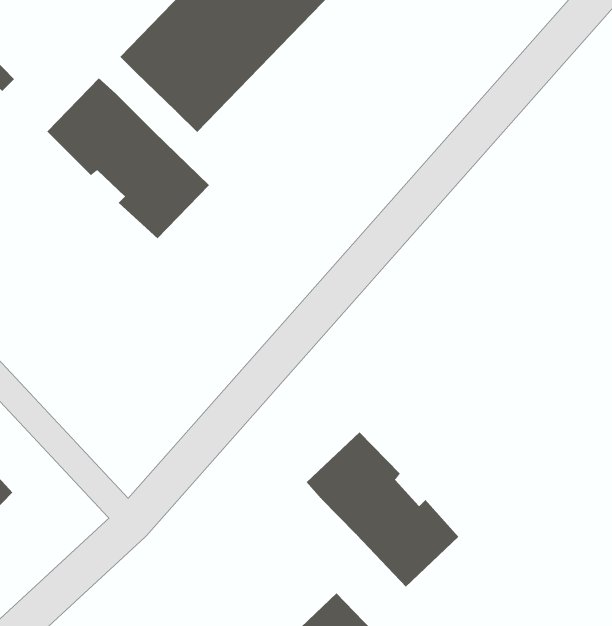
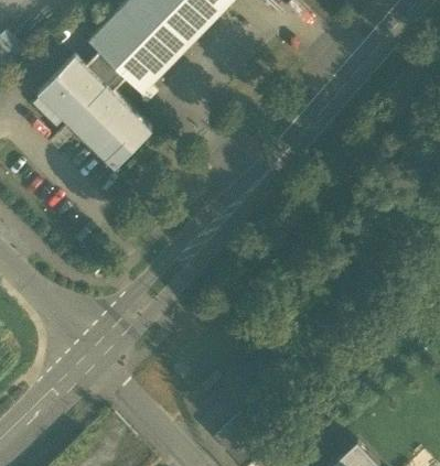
building: none -> [85,54,126,95]
building: [306,431,459,588] -> none

